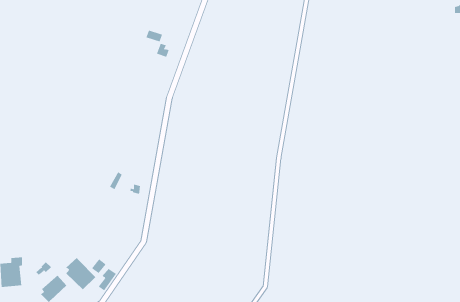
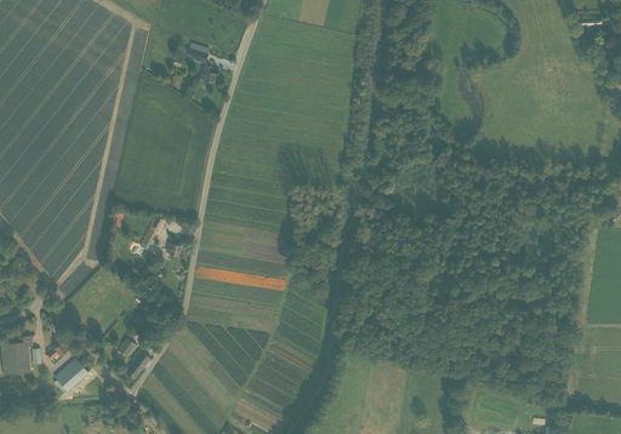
building: [65,257,96,290] -> none

